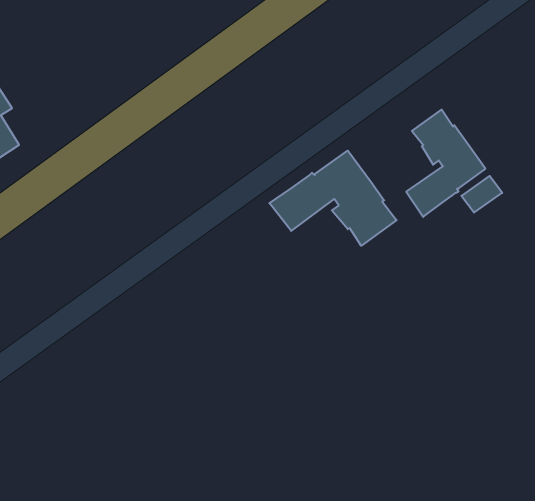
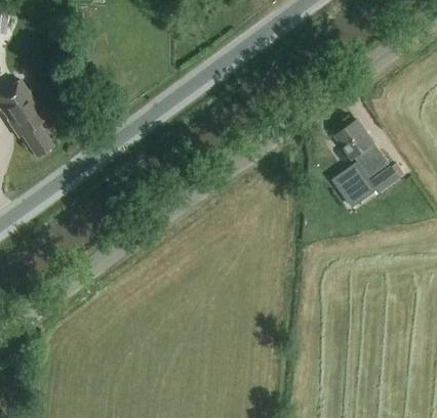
building: [269,151,397,246] -> none

